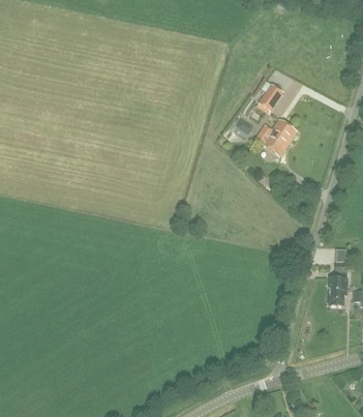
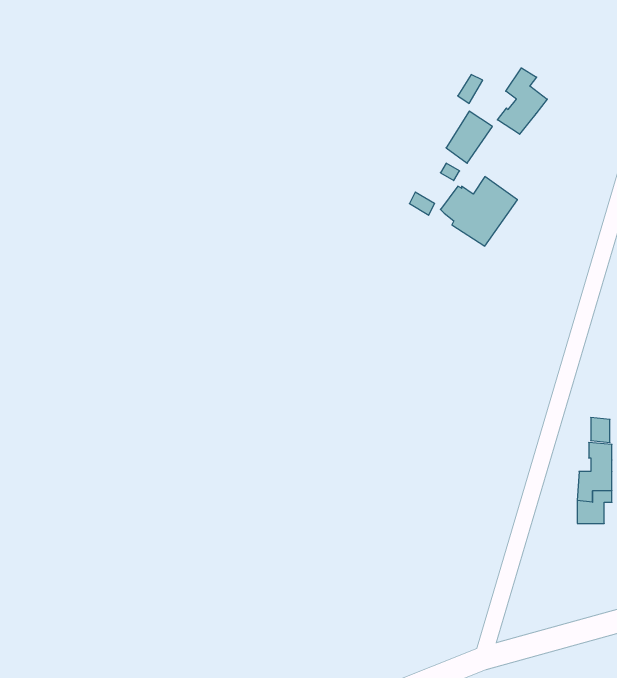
building: none -> [497,68,547,134]

